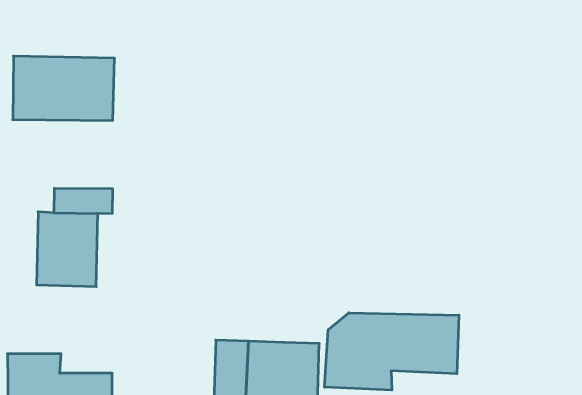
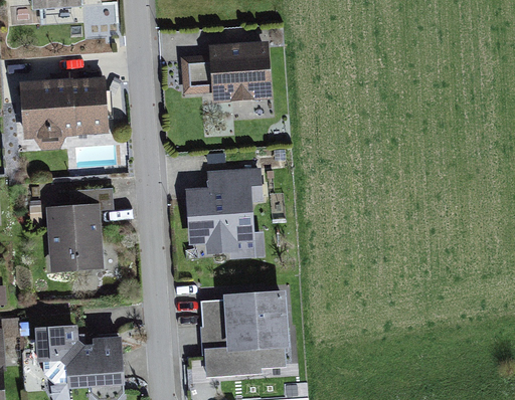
building: none -> [180,42,273,99]
building: none -> [188,173,261,258]
building: [325,313,459,390] -> none

